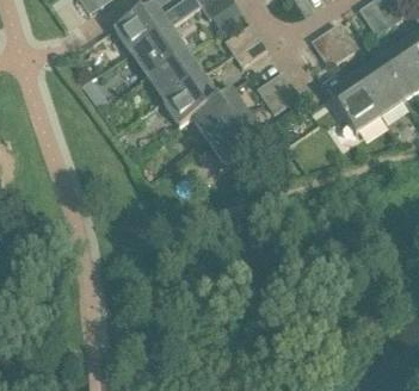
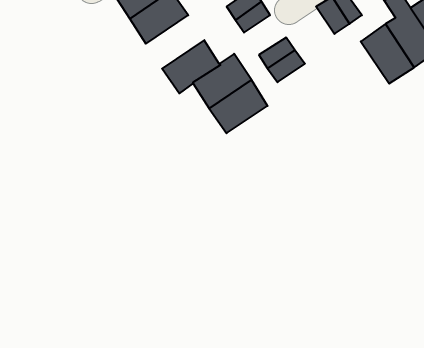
building: [147,49,203,100] -> none
building: [321,74,381,132] -> none

